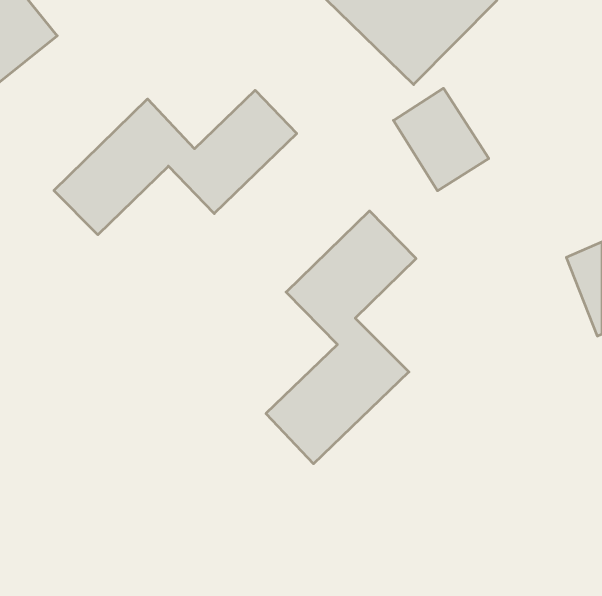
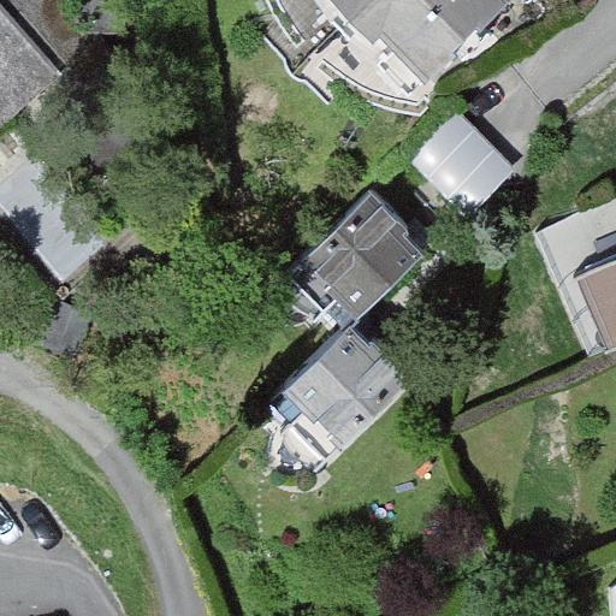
building: [54,90,297,235] -> none

